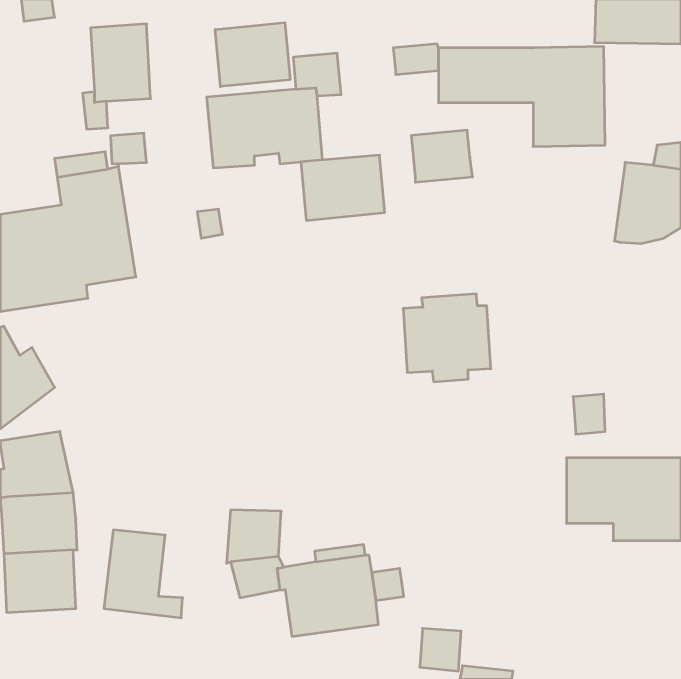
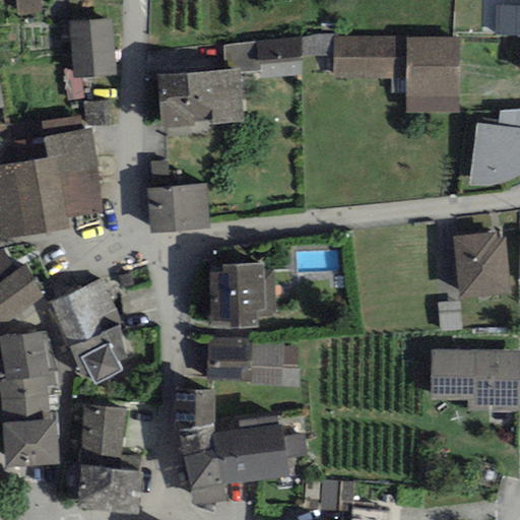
building: [215,23,290,87] -> none
building: [411,130,473,182] -> [257,37,304,76]
building: [301,155,385,220] -> [146,183,210,233]
building: [403,294,491,382] -> [208,261,275,328]
building: none -> [453,233,510,298]
building: none -> [49,278,127,385]
building: none -> [207,338,300,386]
building: none -> [183,450,224,505]
building: none -> [76,464,142,514]

